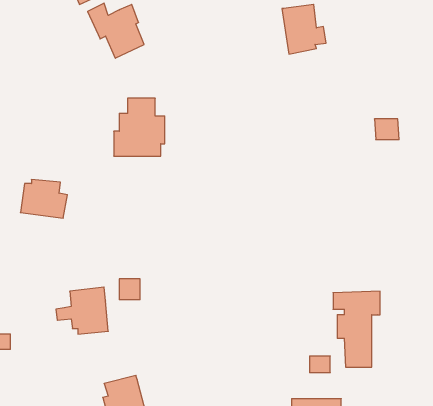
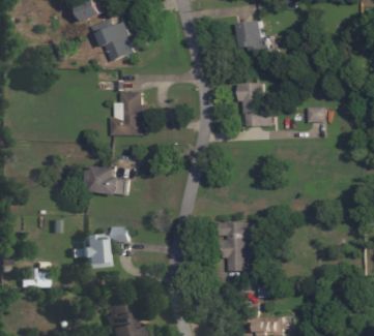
building: none -> [239,84,275,126]
building: [20,180,67,218] -> [85,165,120,194]
building: [333,291,380,367] -> [222,221,257,278]

